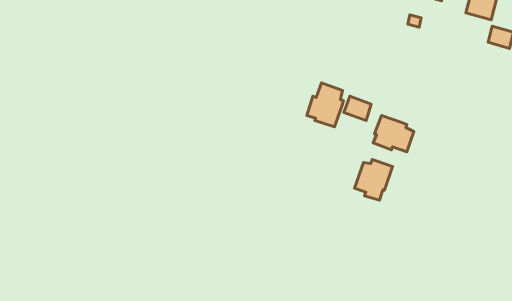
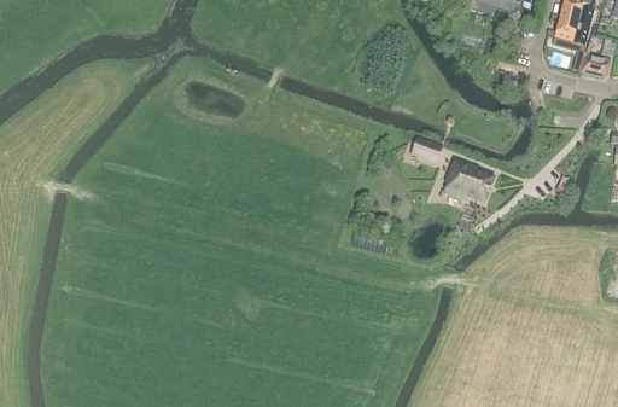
building: [307,83,344,127] -> none
building: [355,160,392,200] -> none

